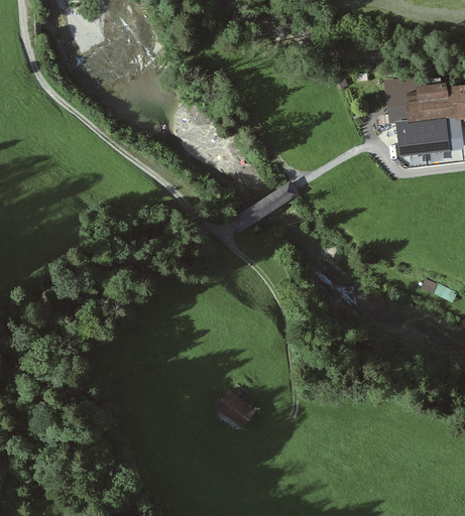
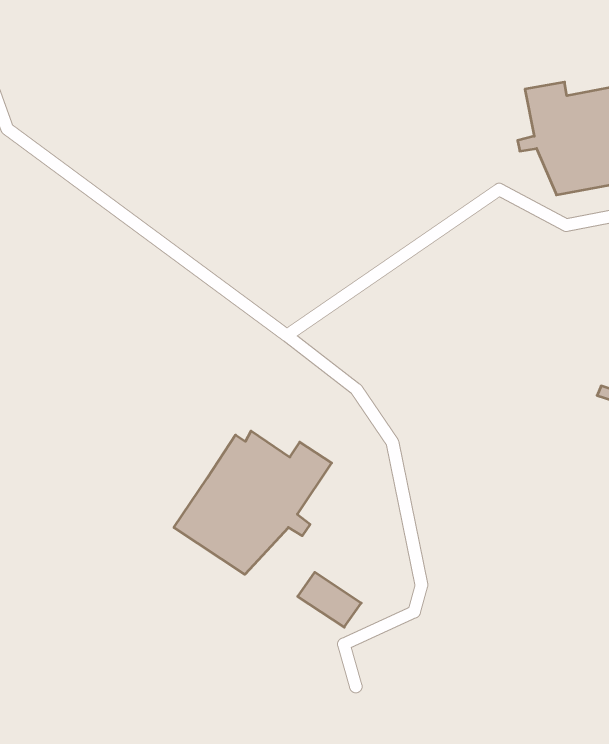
building: none -> [174,431,332,574]

